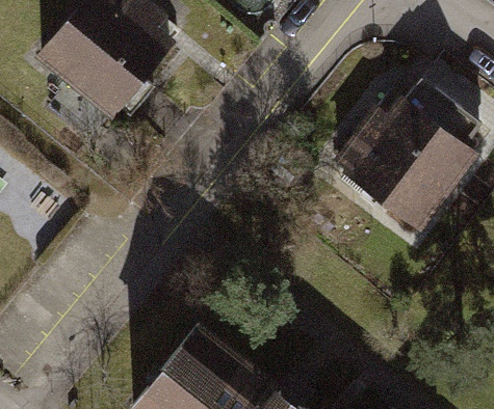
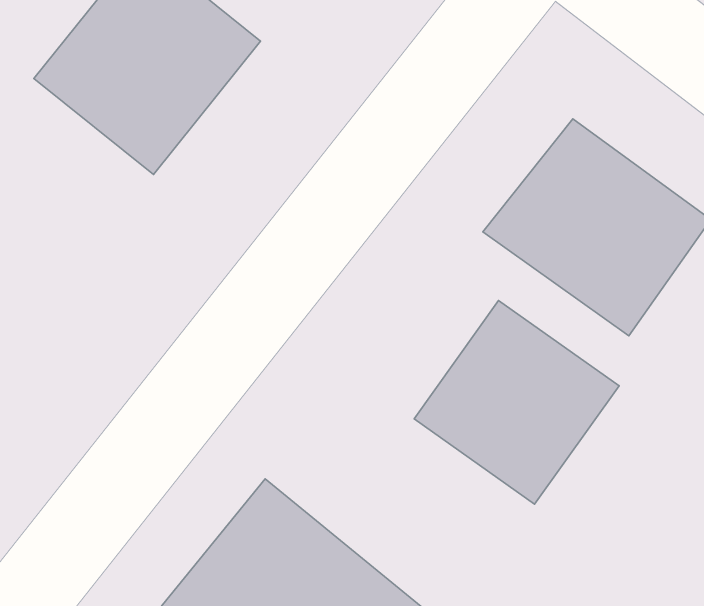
building: none -> [414,300,619,504]

